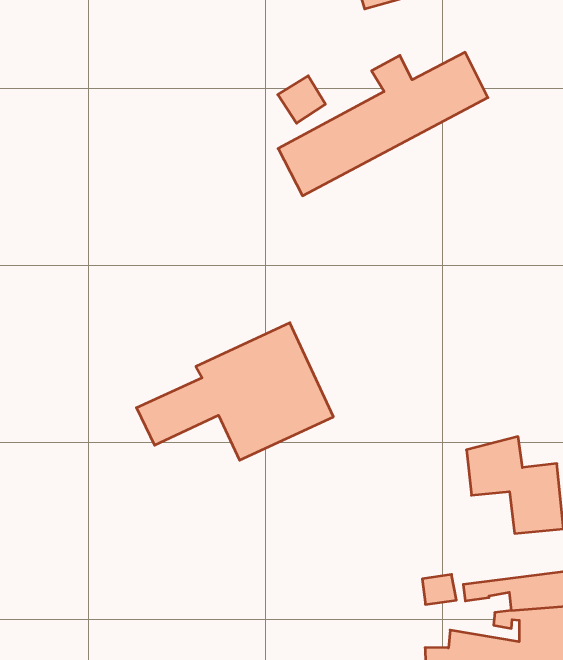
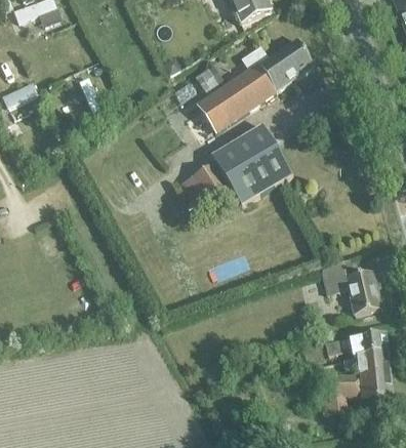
building: [136,323,333,460] -> [179,124,292,205]

